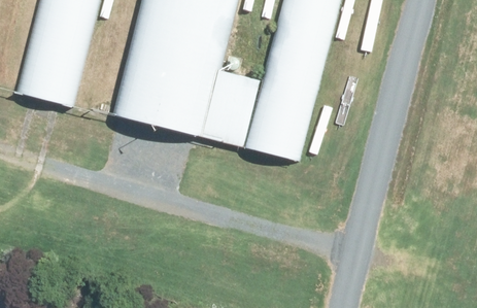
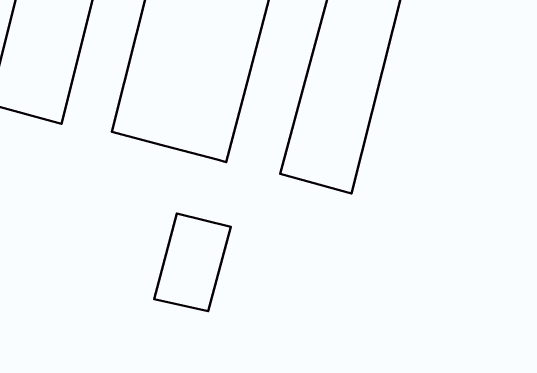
building: [202,70,262,146] -> [154,214,231,311]

